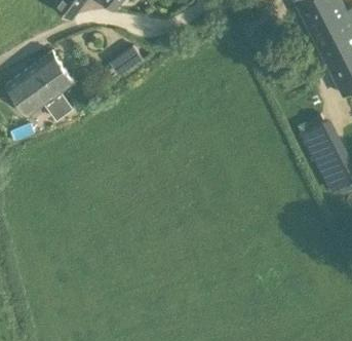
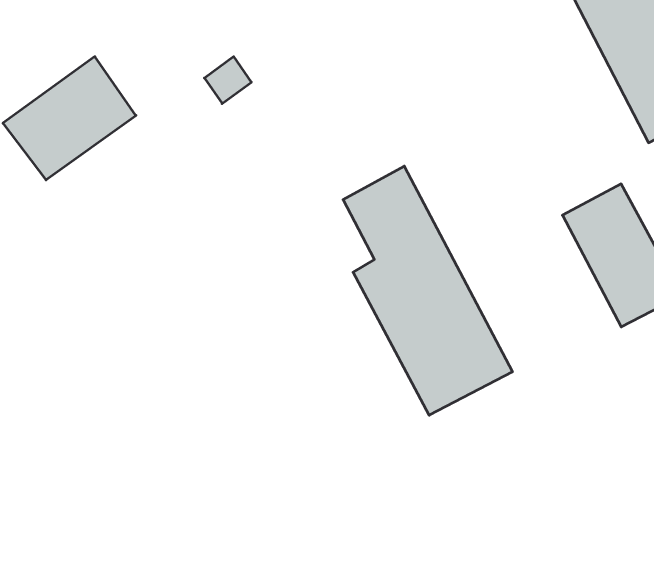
building: none -> [343,166,512,415]

